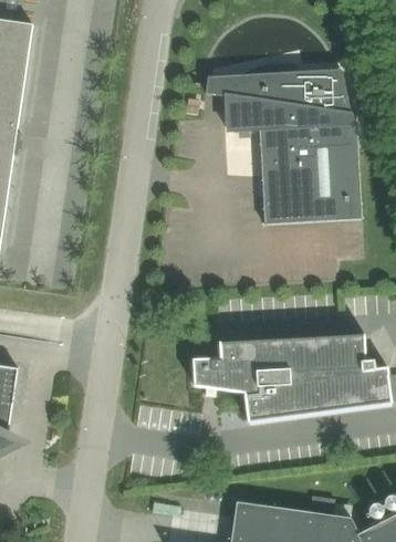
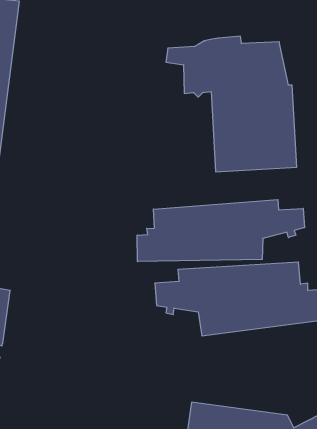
building: none -> [137,200,304,262]

